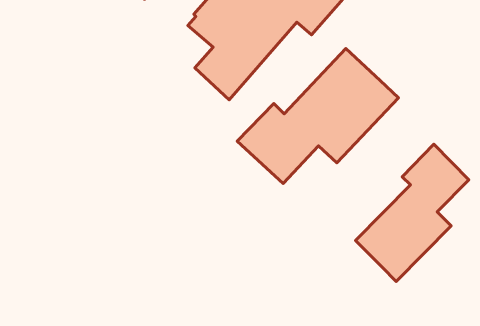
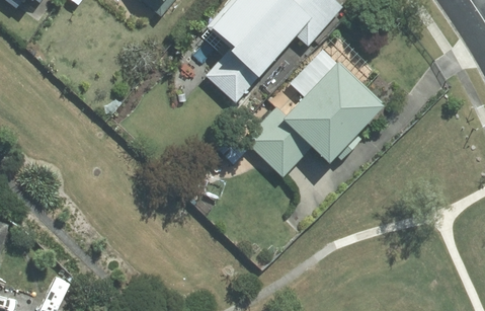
building: [356,144,469,281] -> none

